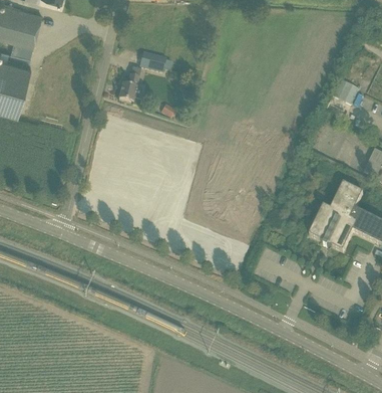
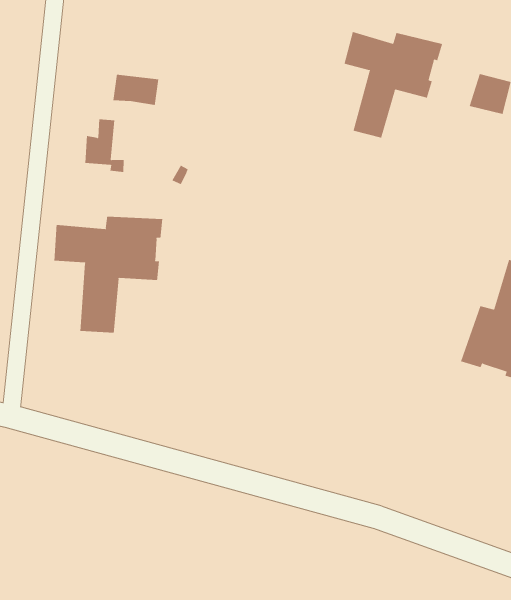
building: none -> [344,31,443,139]
building: none -> [54,216,163,334]

